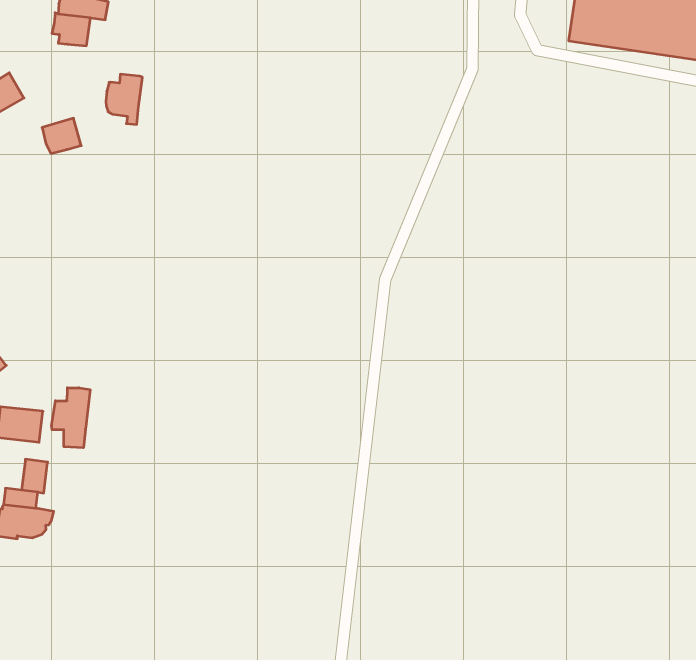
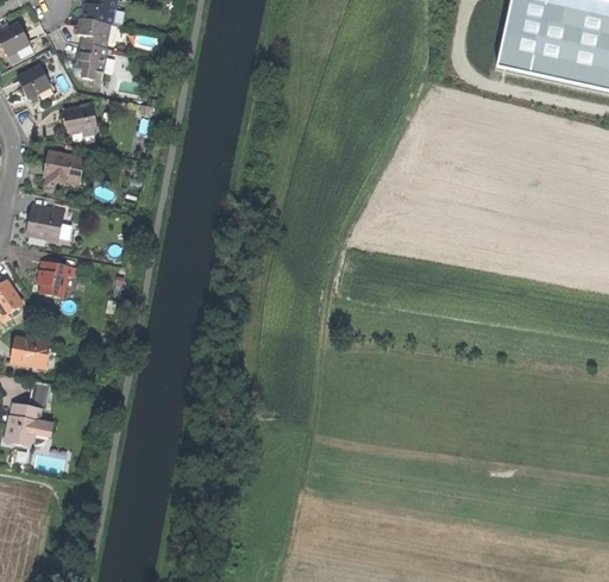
building: [106,74,142,124] -> [76,44,107,86]
building: none -> [45,151,84,187]
building: none -> [27,204,68,244]
building: none -> [37,259,73,299]
building: [52,388,90,448] -> none

